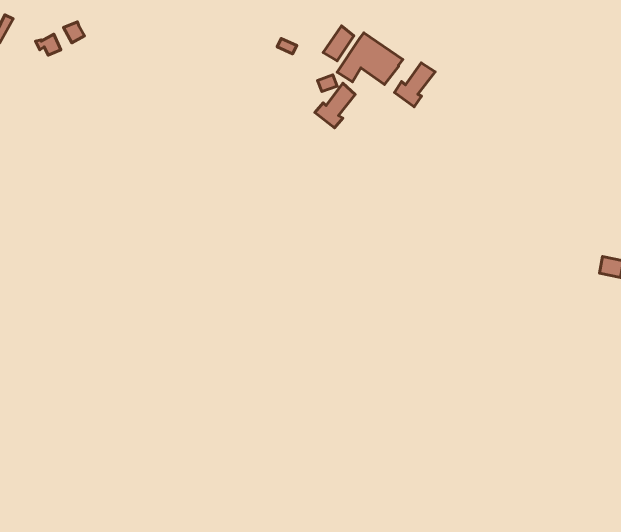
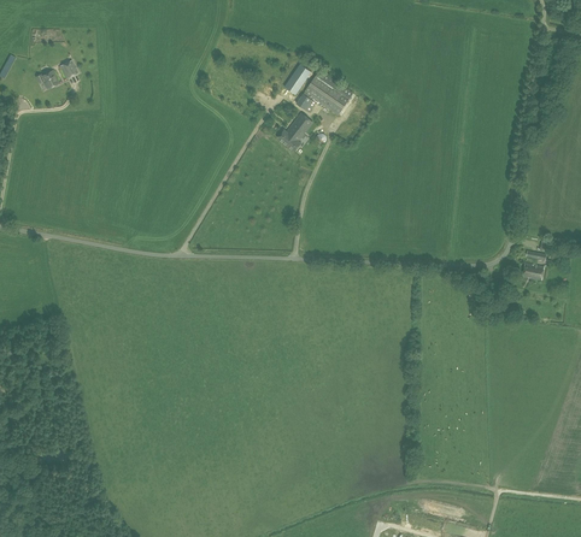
building: [394,63,435,107] -> none

